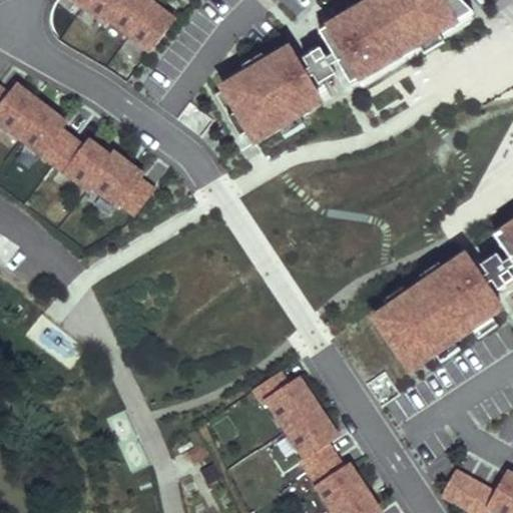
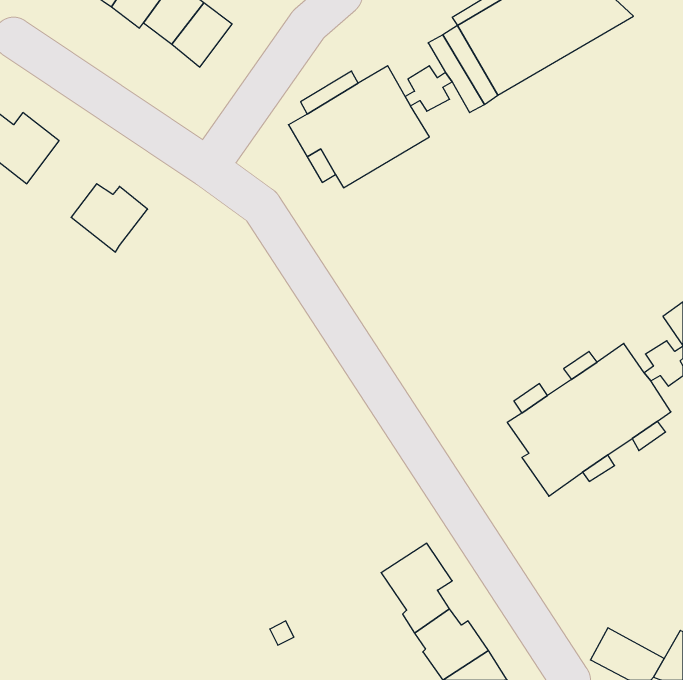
building: [20,105,72,162] -> none
building: [89,151,152,212] -> none
building: [252,370,319,428] -> none

